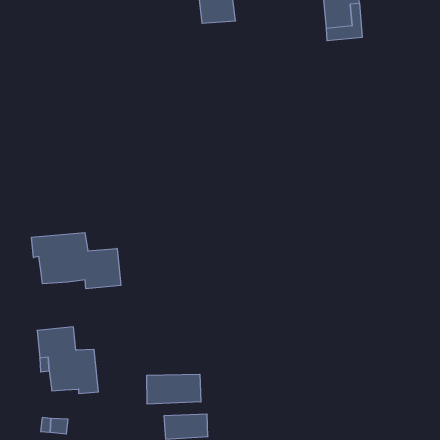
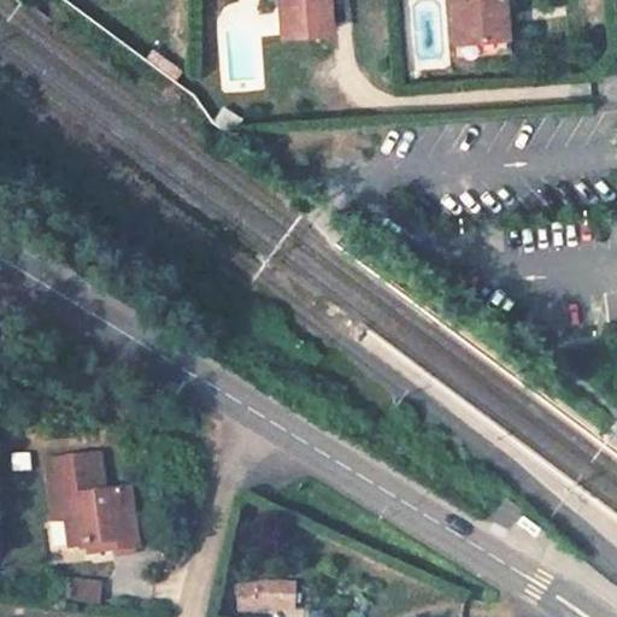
building: [32,233,121,289] -> none
building: [147,374,201,404] -> none

